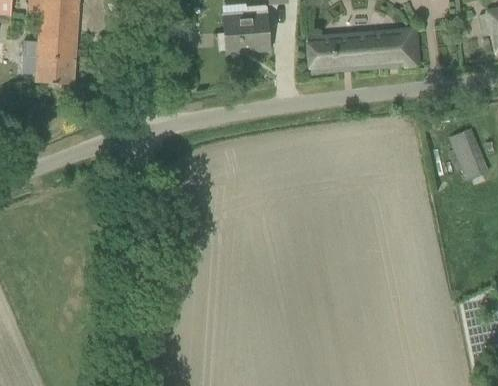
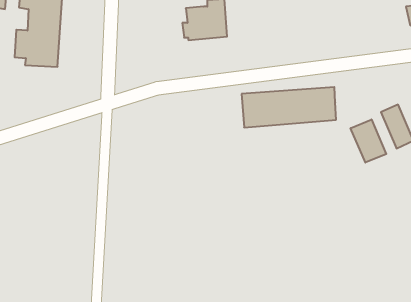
building: [307,26,417,73] -> [242,87,336,127]
building: none -> [351,119,386,163]

